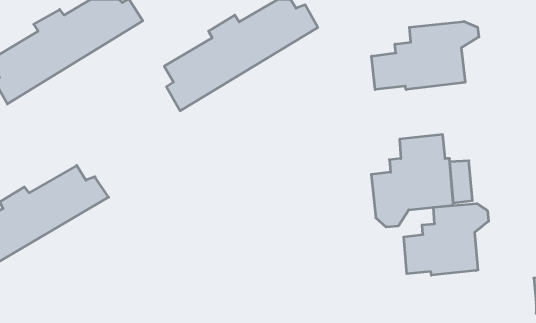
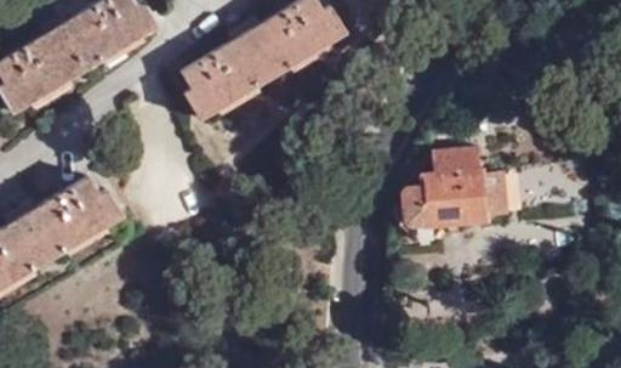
building: [372,21,479,90] -> none
building: [404,204,489,275] -> none

